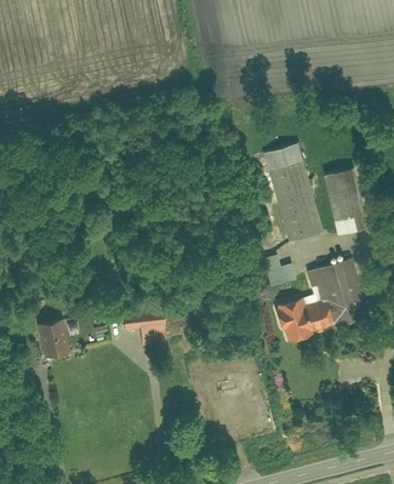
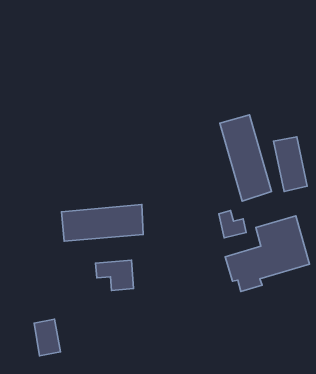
building: none -> [61,205,143,241]
building: [34,317,64,359] -> [34,319,61,356]

